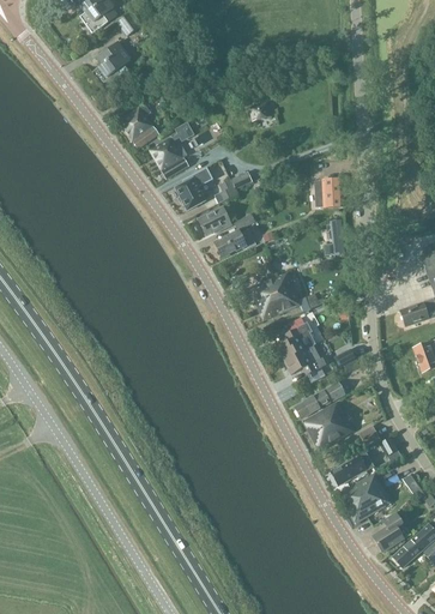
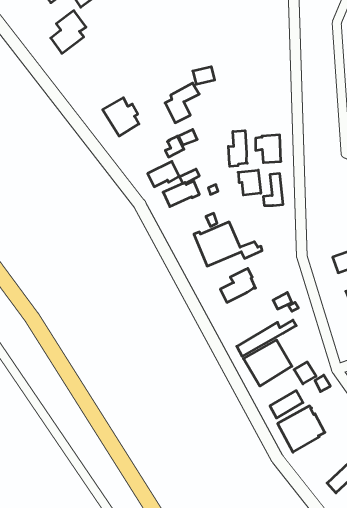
building: [119,103,159,149] -> none
building: [177,167,215,210] -> [165,83,199,123]
building: none -> [228,131,247,166]
building: none -> [238,170,261,195]
building: [285,344,327,374] -> none
building: [375,512,405,550] -> none

